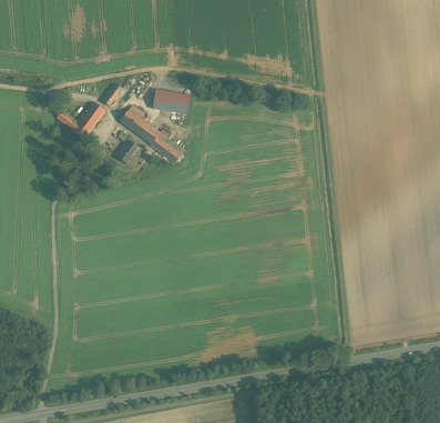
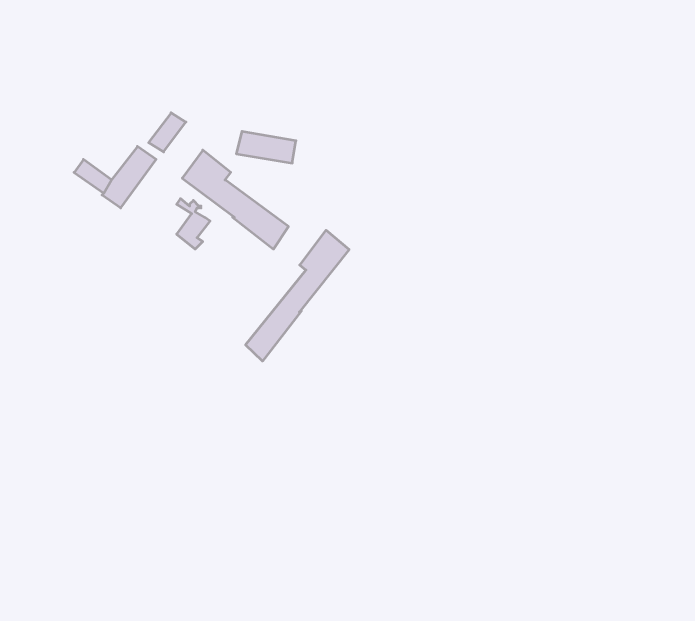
building: none -> [246,230,349,361]

